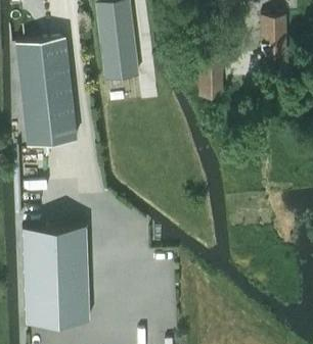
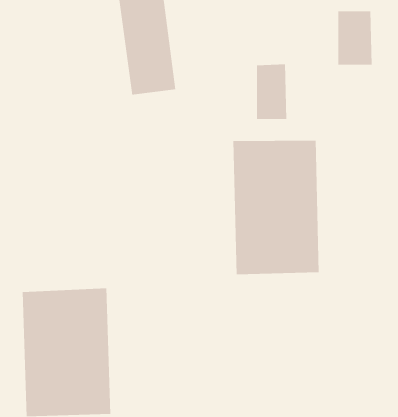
building: [15,38,76,146] -> none
building: none -> [233,140,319,275]

